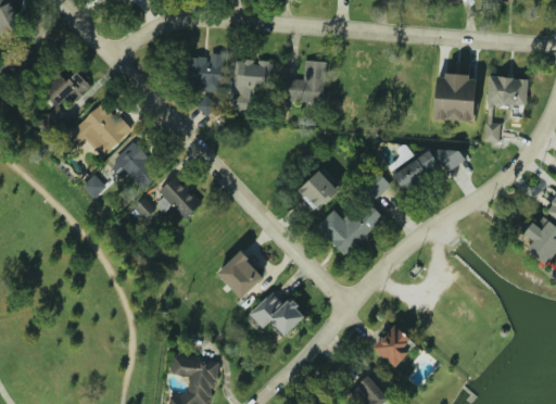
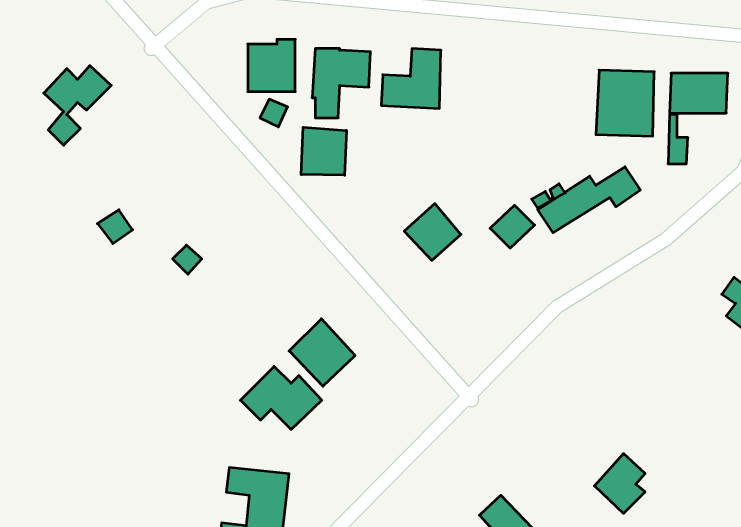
building: [67,101,130,157] -> none
building: none -> [301,127,346,175]
building: [106,140,161,189] -> none
building: [157,175,202,219] -> none
building: [316,200,384,256] -> none
building: [249,291,306,336] -> [240,366,322,429]
building: [374,325,409,367] -> [594,454,645,513]

